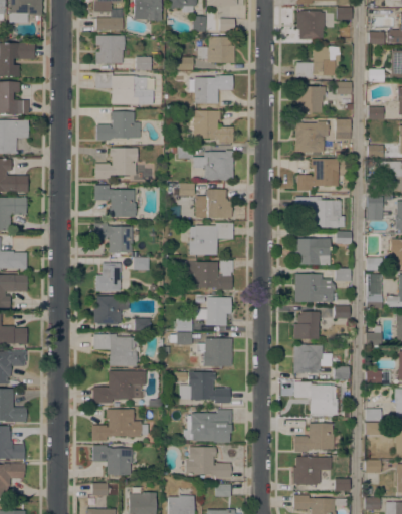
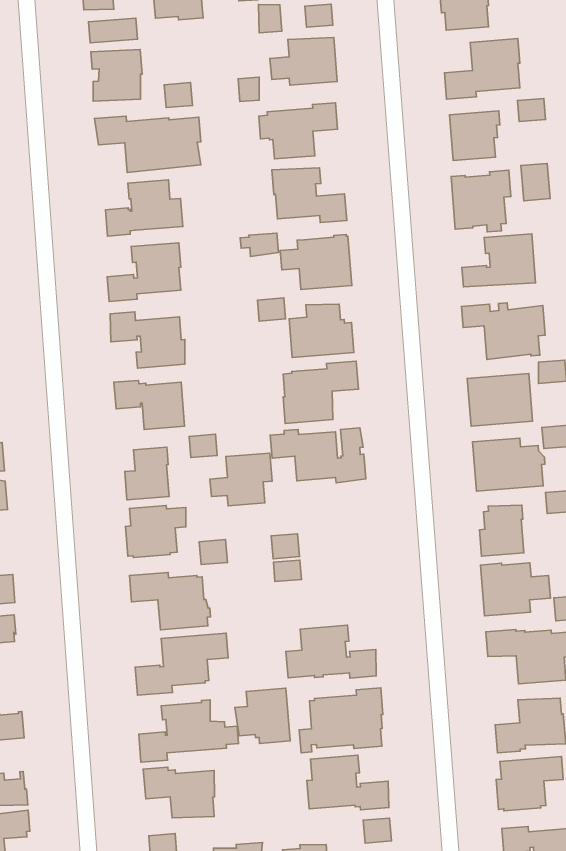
building: [196,297,231,325] -> [210,453,272,506]
building: [203,338,231,366] -> none
building: none -> [235,688,290,743]

